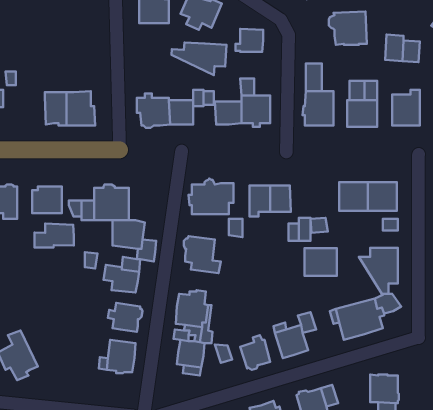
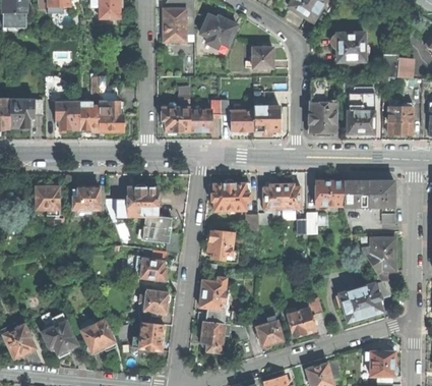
building: [172,43,226,75] -> none
building: none -> [58,102,83,130]
building: [34,224,74,247] -> none
building: [305,248,337,276] -> [314,181,343,206]
building: none -> [80,319,115,351]

